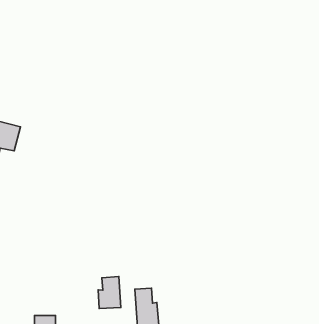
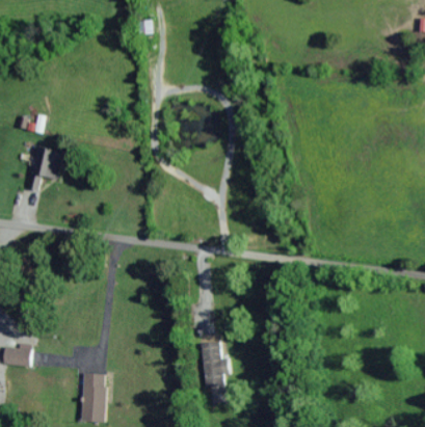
building: [98,276,121,309] -> none

